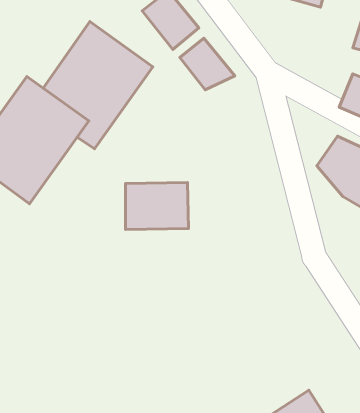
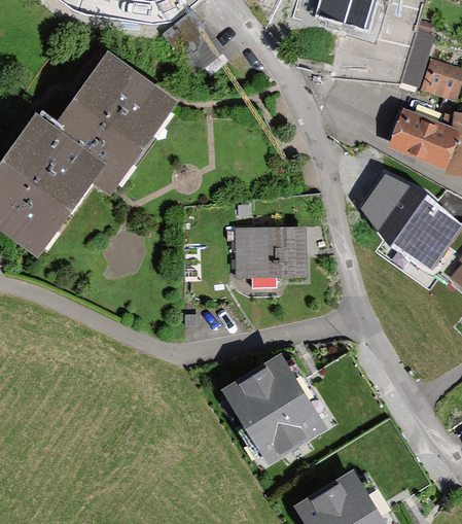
building: [180,38,235,90] -> none
building: [125,182,188,229] -> [236,229,308,282]
building: none -> [222,353,330,466]

